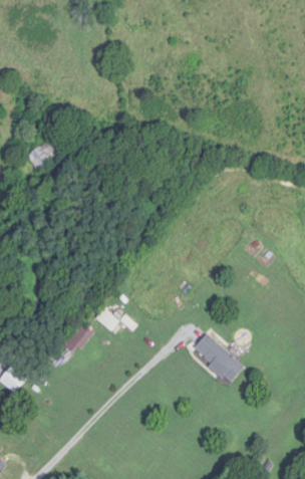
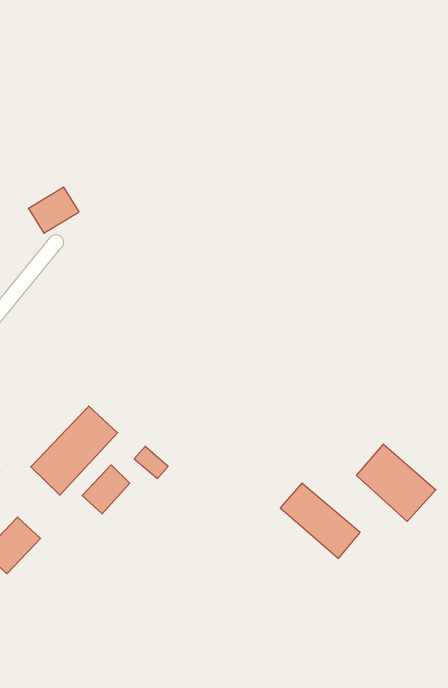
building: none -> [31,406,118,495]
building: none -> [356,444,436,521]

